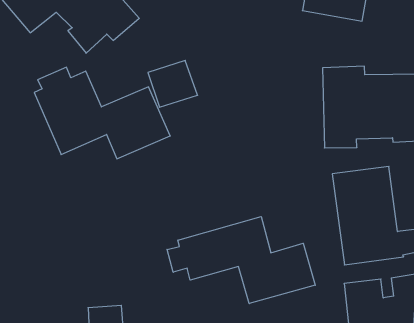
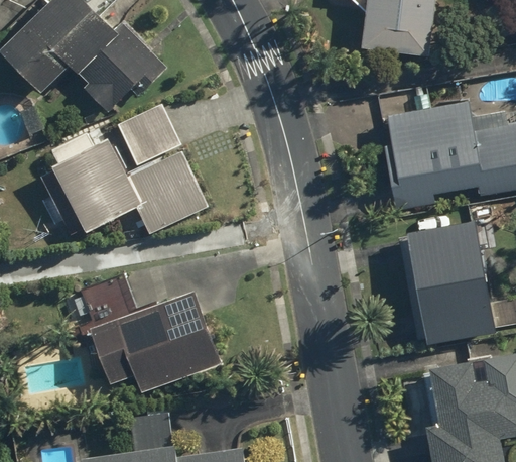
building: [148,60,198,107] -> [118,106,178,163]
building: none -> [87,280,220,395]
building: [167,217,315,304] -> none

